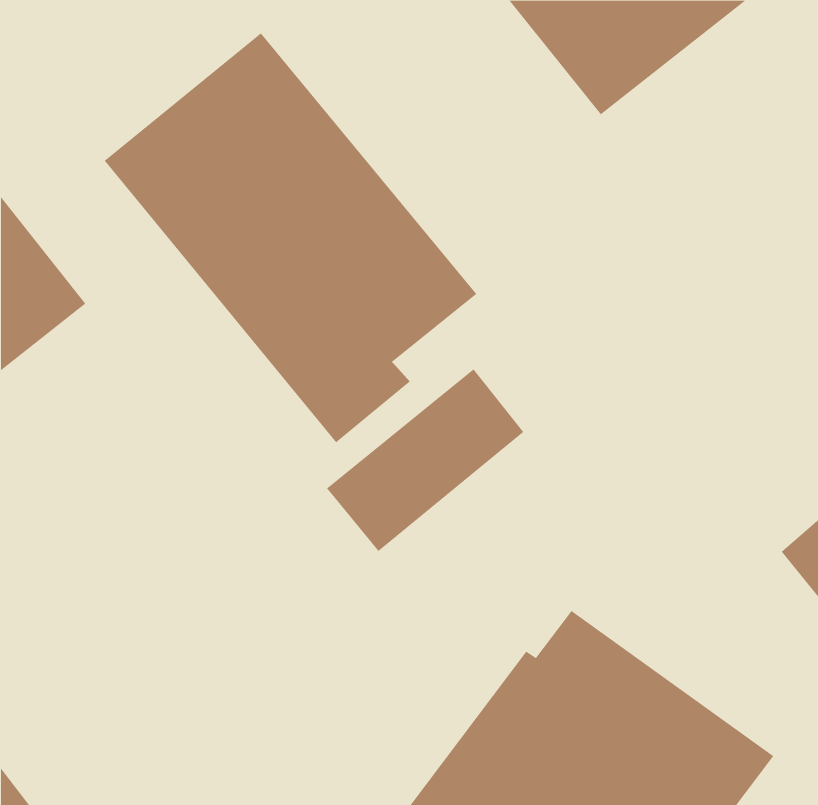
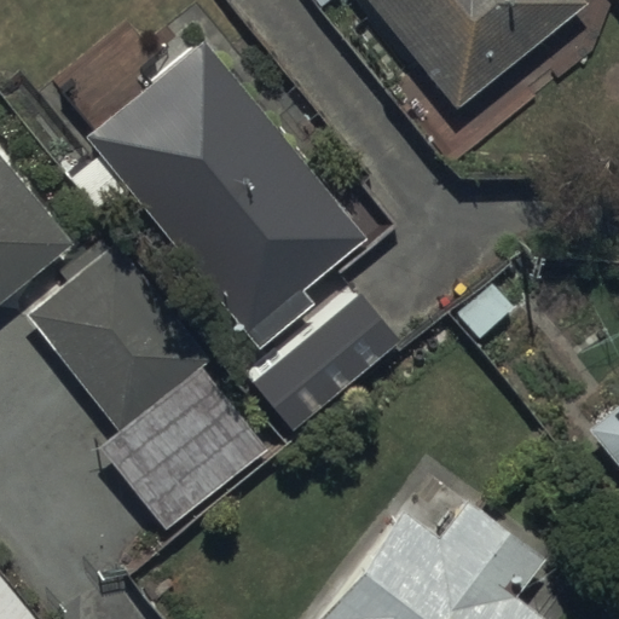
building: none -> [30,253,270,530]

